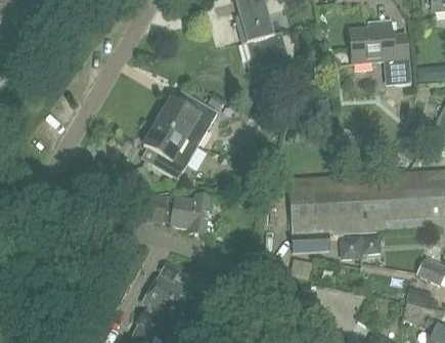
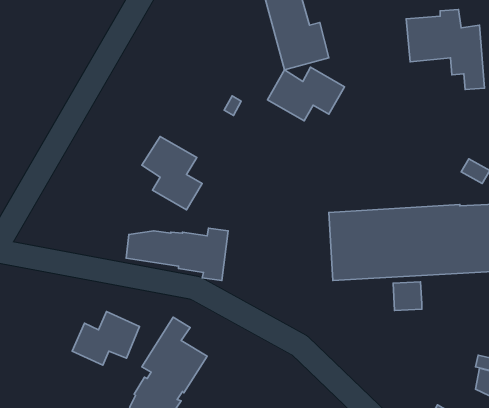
building: [158,94,218,136] -> [267,67,345,121]
building: [293,230,330,250] -> none
building: none -> [72,311,139,365]

